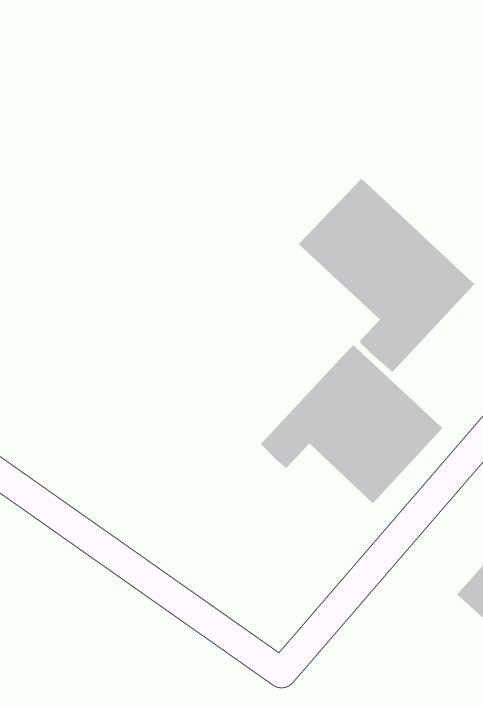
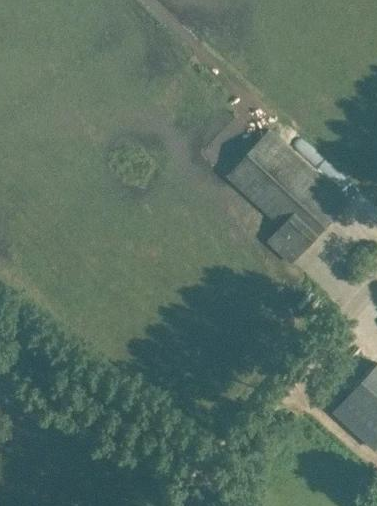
building: [260,344,443,504] -> none

